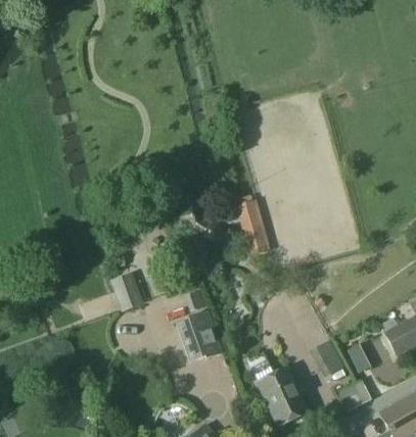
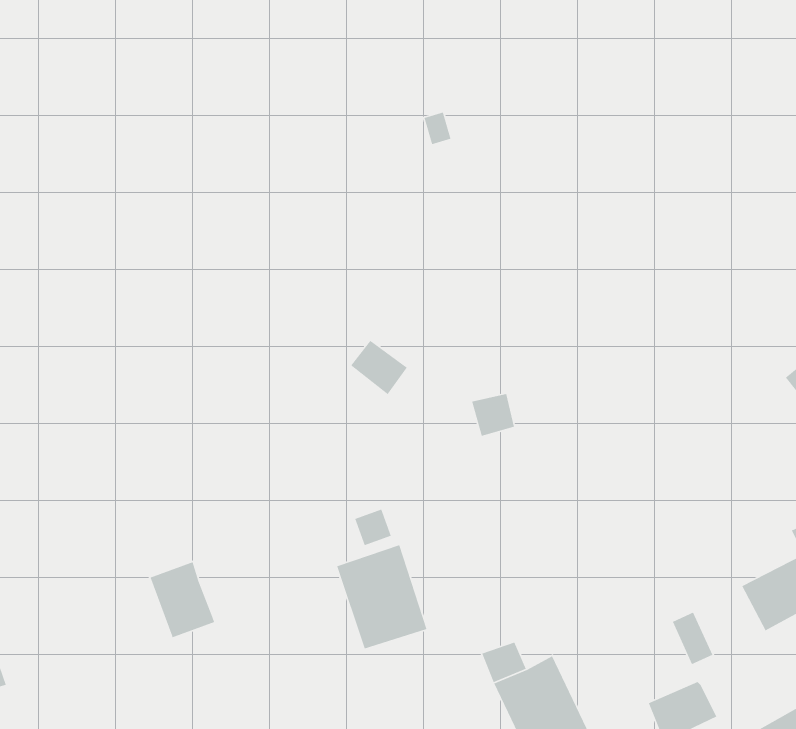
building: [236,199,263,236] -> none
building: [109,272,143,311] -> [150,561,215,639]
building: [310,339,343,376] -> none

